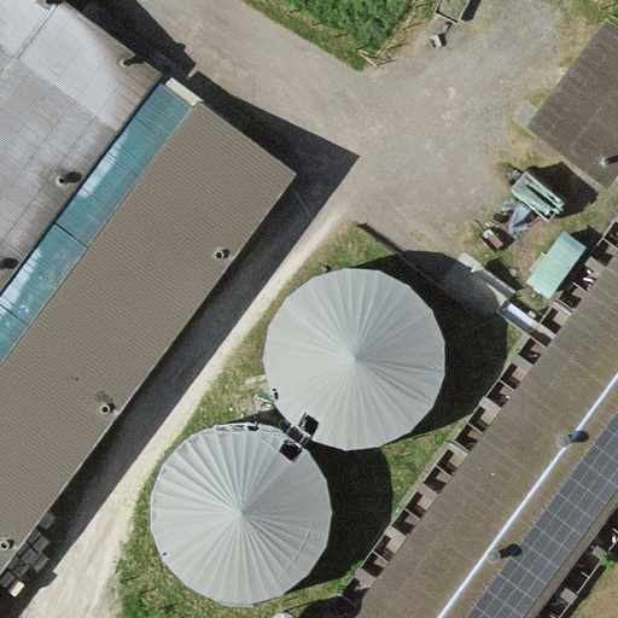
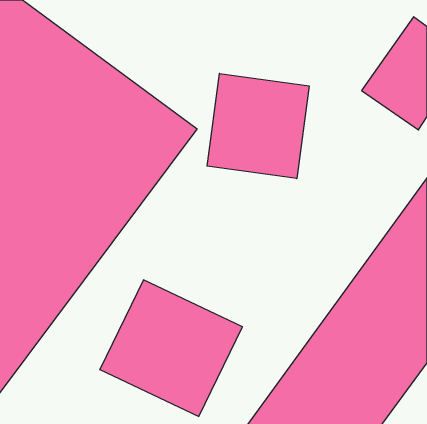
building: none -> [207,73,309,179]
building: [267,263,443,433] -> none

